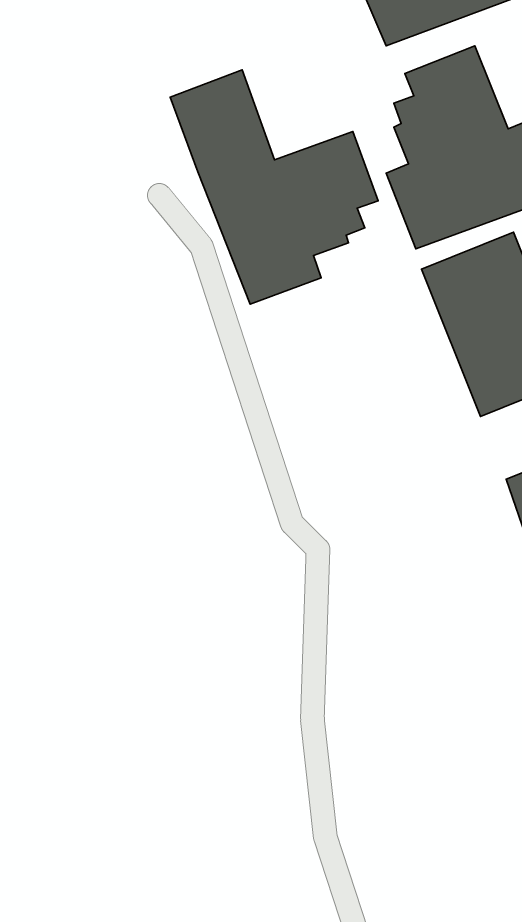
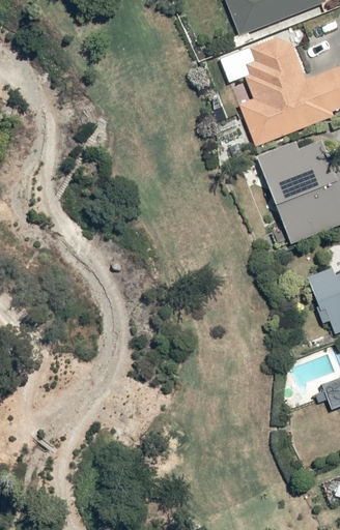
building: [170,70,378,304] -> none

